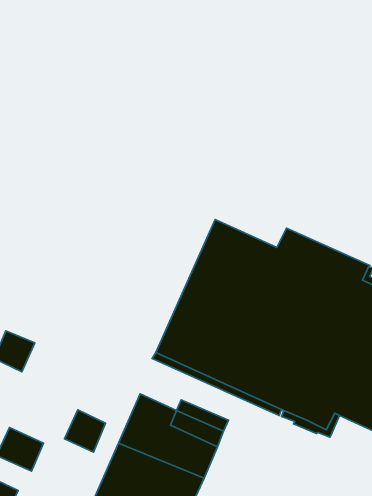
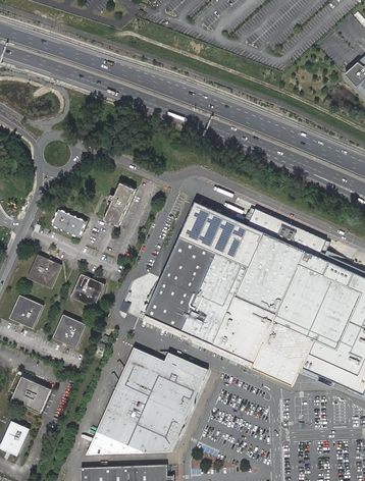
building: none -> [103,181,136,227]
building: none -> [51,208,87,237]
building: none -> [28,254,62,288]
building: none -> [70,273,105,308]
building: [64,410,106,452] -> [52,313,87,349]

